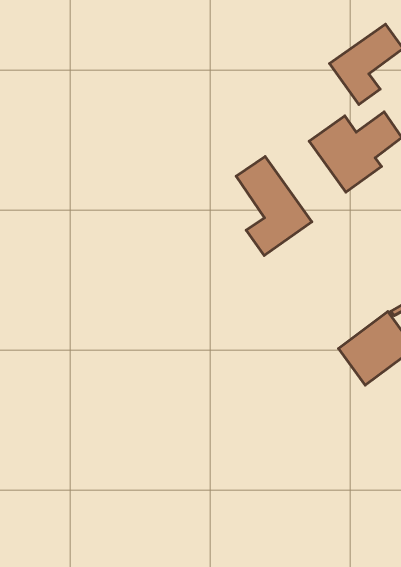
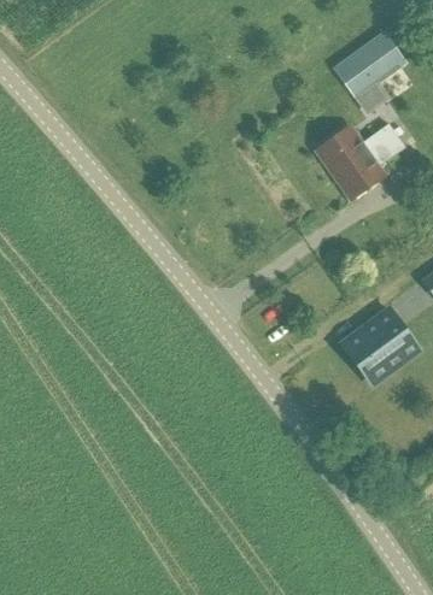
building: [236,156,312,255] -> none

